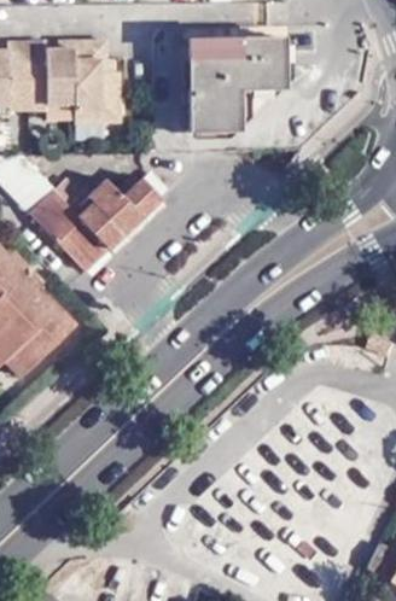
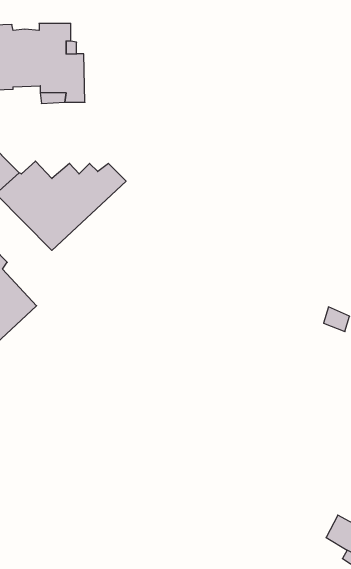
building: [188,41,285,130] -> none

